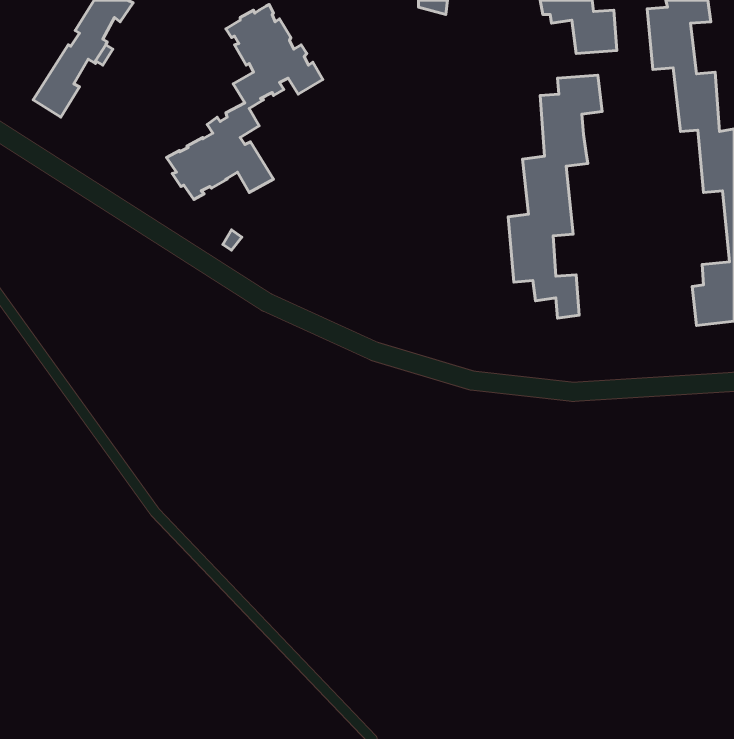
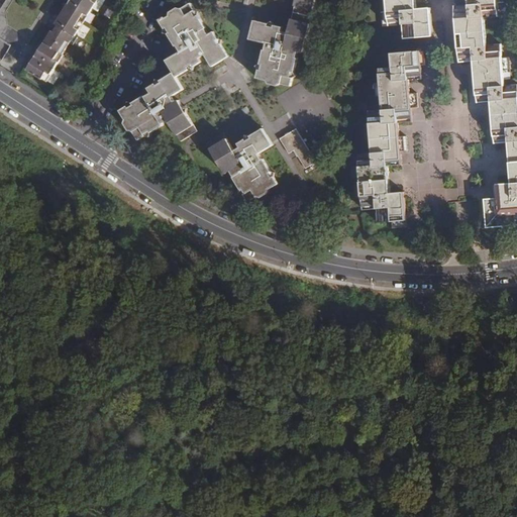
building: none -> [246,18,309,85]
building: none -> [203,128,276,201]
building: none -> [277,129,313,168]

